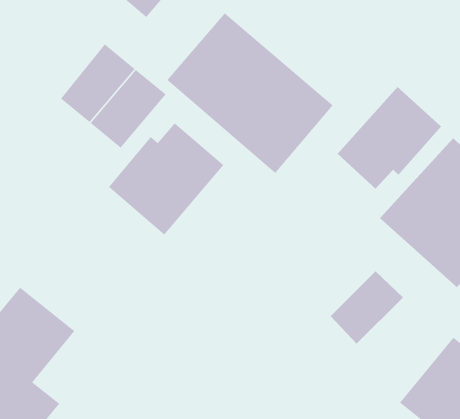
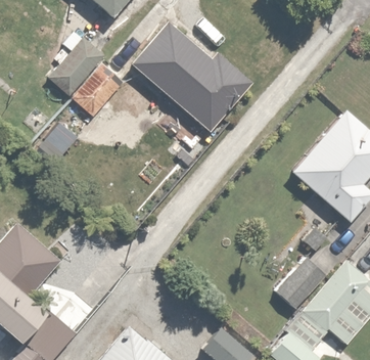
building: [337,86,442,189] -> none
building: [108,123,224,236] -> none
building: [330,270,404,344] -> [274,257,330,313]

